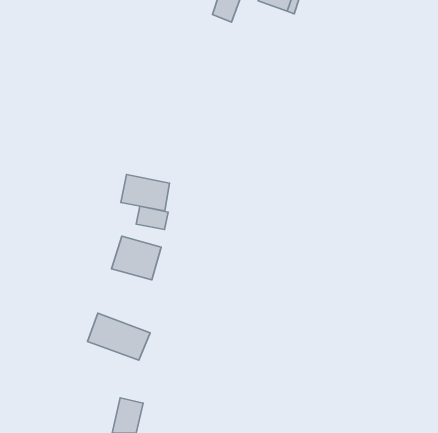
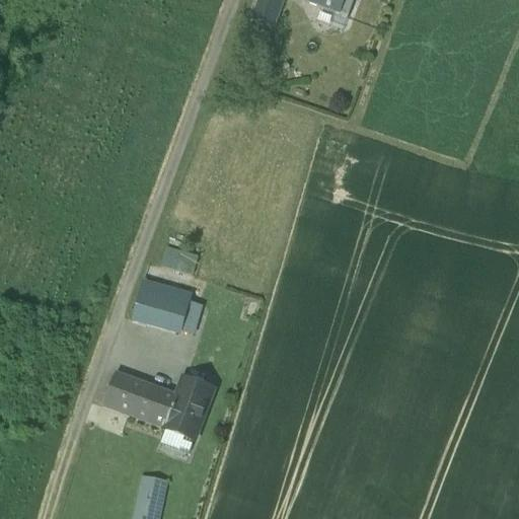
building: [121,175,169,211] -> none
building: none -> [164,377,213,438]

